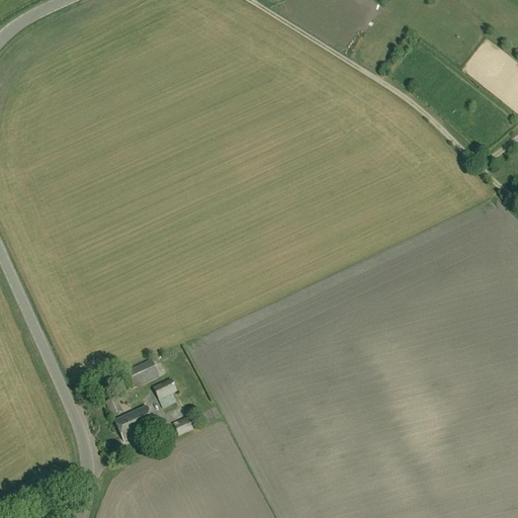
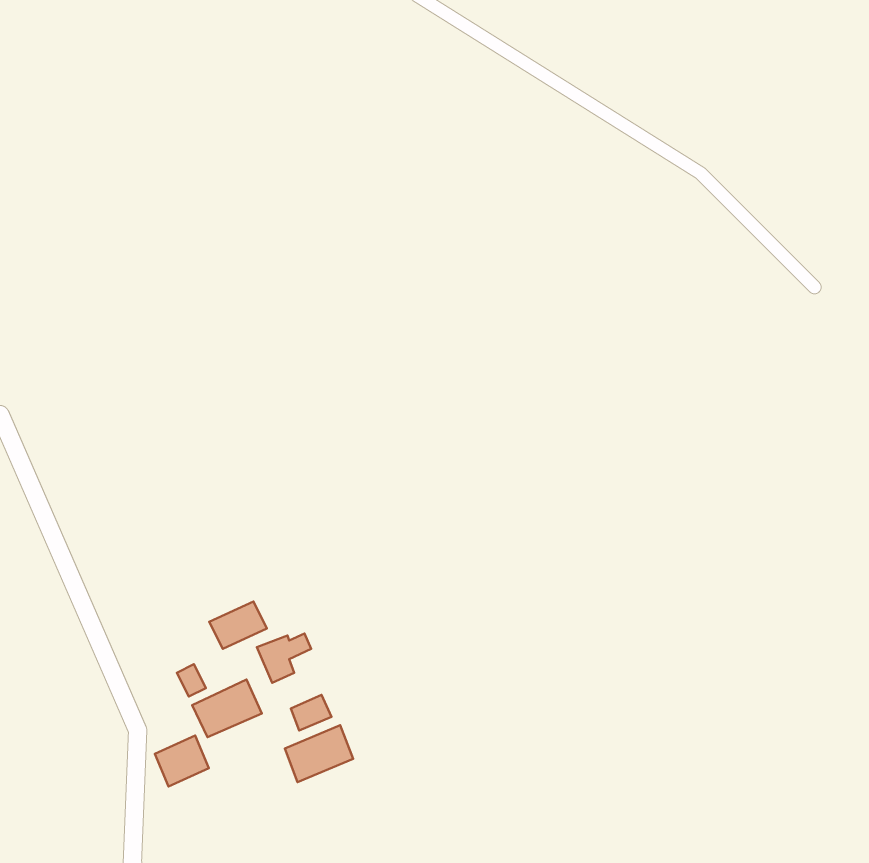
building: none -> [285,725,353,782]
building: none -> [155,736,209,786]

